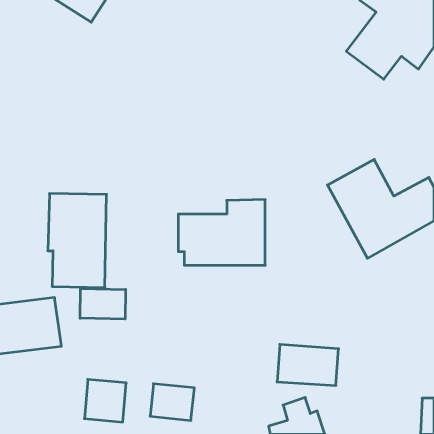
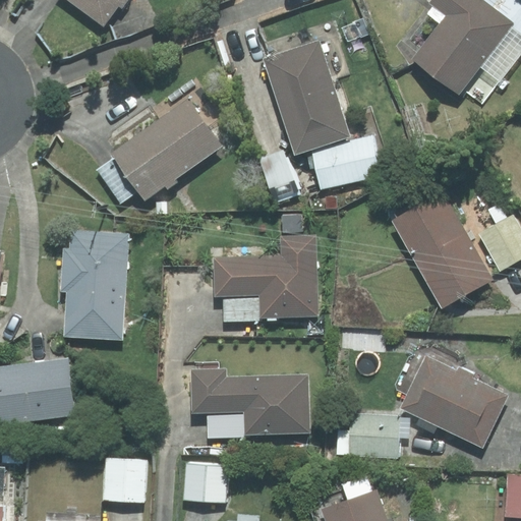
building: none -> [267,42,381,190]
building: none -> [94,101,221,205]
building: [80,289,126,319] -> none
building: none -> [400,355,507,448]
building: none -> [189,368,307,437]

